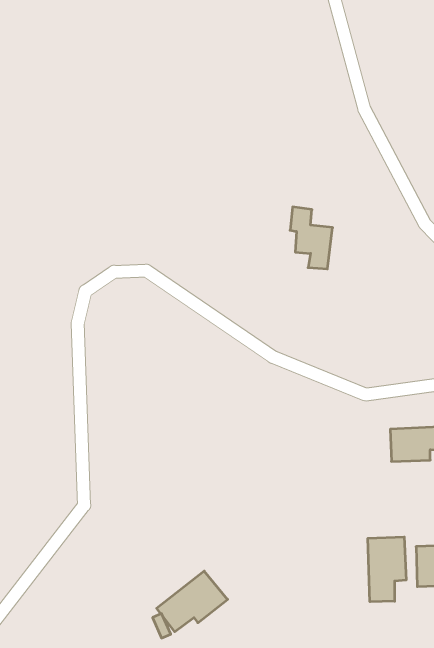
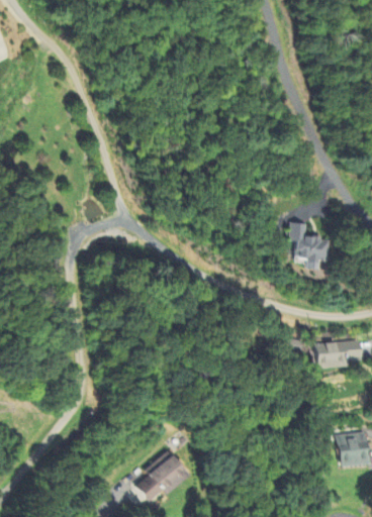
building: [290,207,333,269] -> [290,221,323,270]
building: [368,537,406,602] -> none

